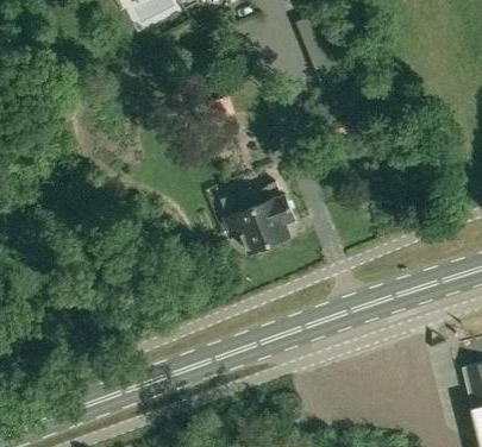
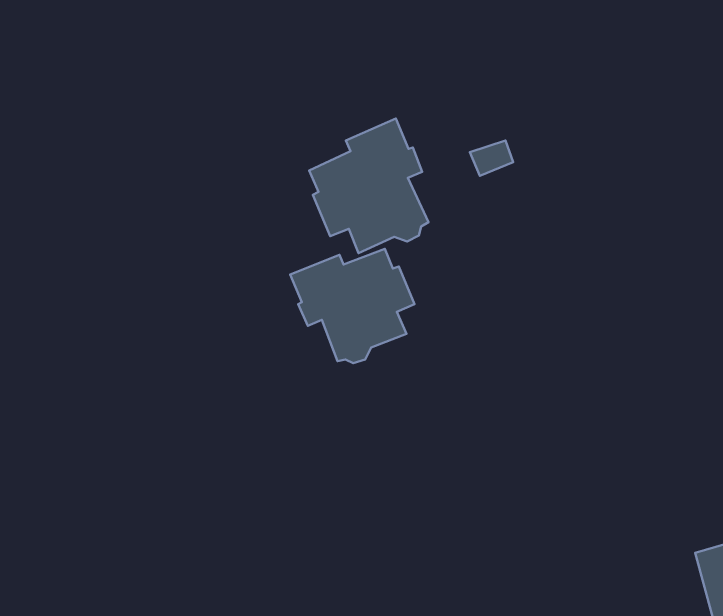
building: none -> [309,118,428,253]

